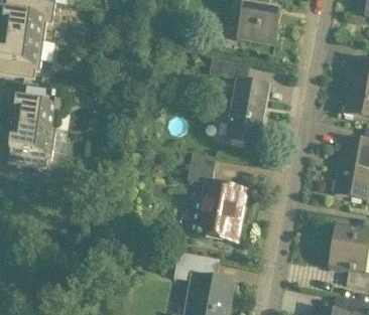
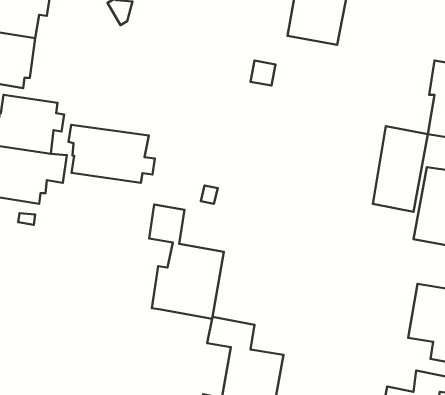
building: [226,78,268,144] -> [373,126,428,212]
building: none -> [68,125,155,183]
building: [188,153,245,241] -> [149,204,224,319]

